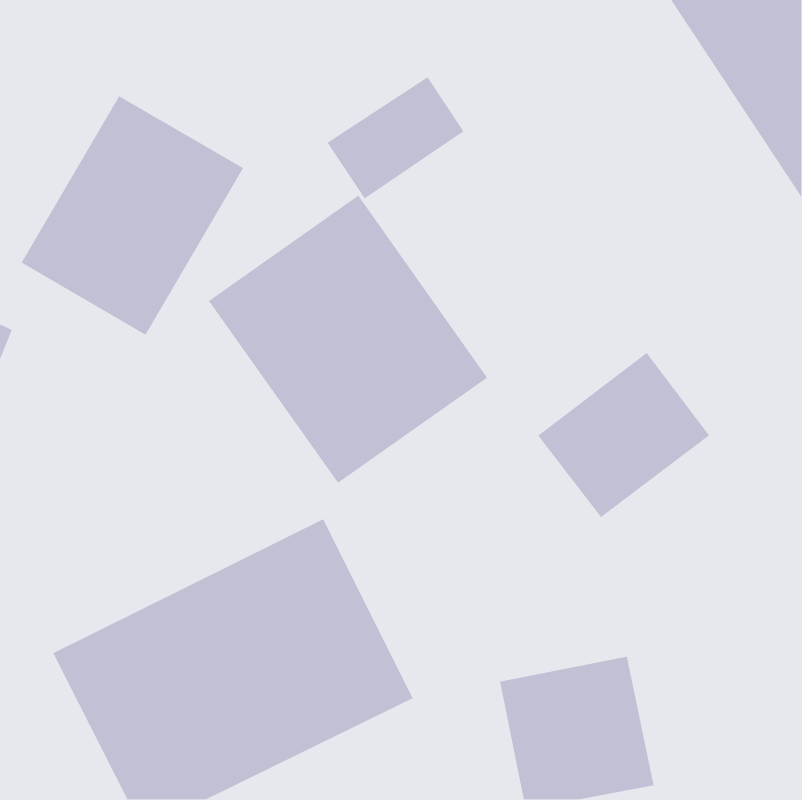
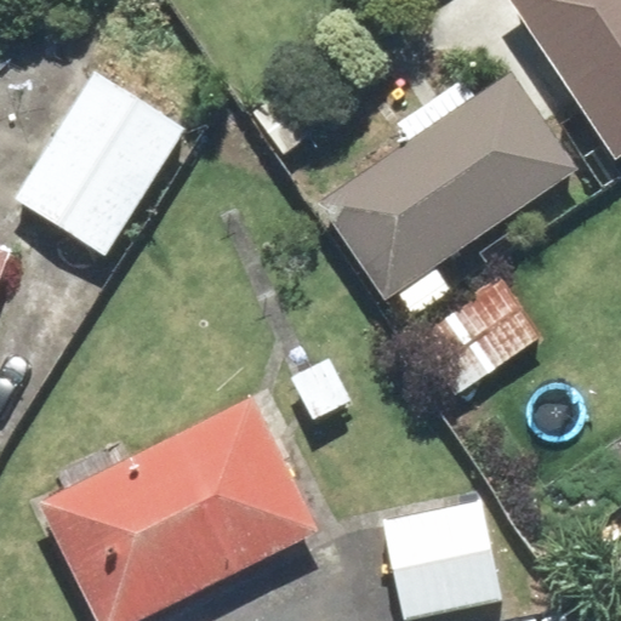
building: none -> [317,70,574,312]
building: [208,195,488,484] -> none

